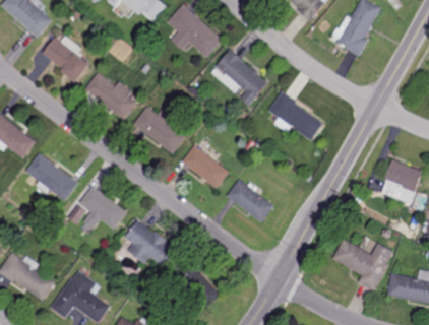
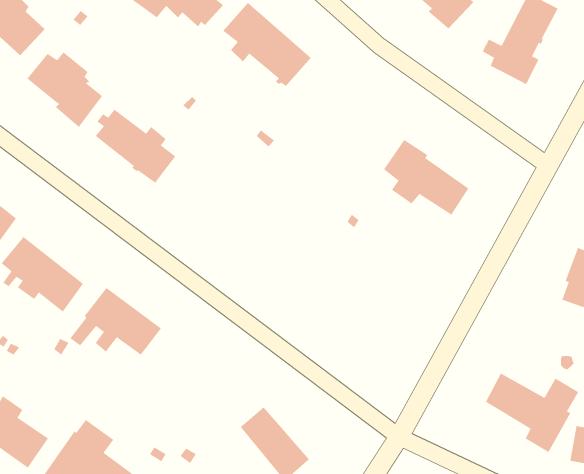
building: [210,49,268,106] -> none
building: [132,106,185,154] -> none
building: [181,145,230,189] -> none
building: [226,179,274,222] -> none
building: [125,224,177,268] -> none

